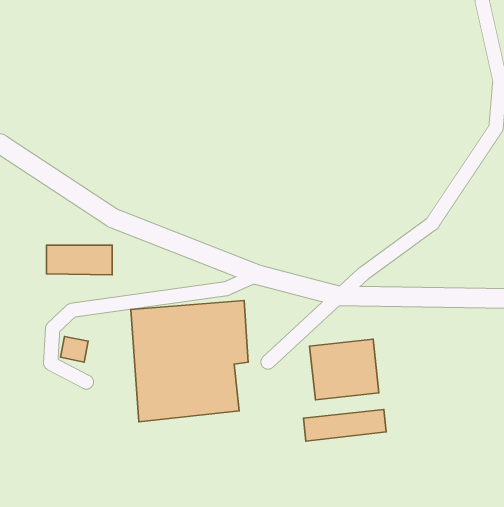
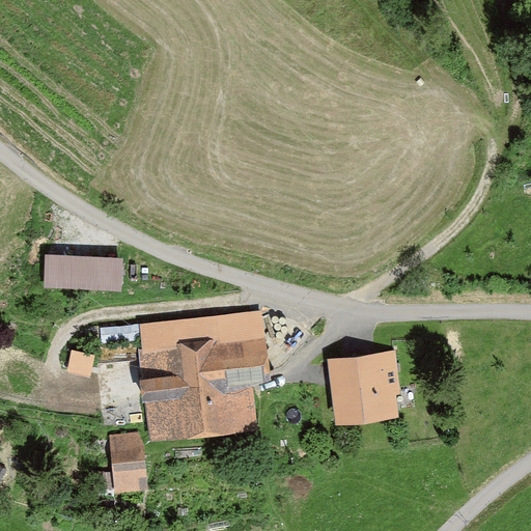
building: [303,409,386,441] -> none
building: none -> [111,437,144,493]

